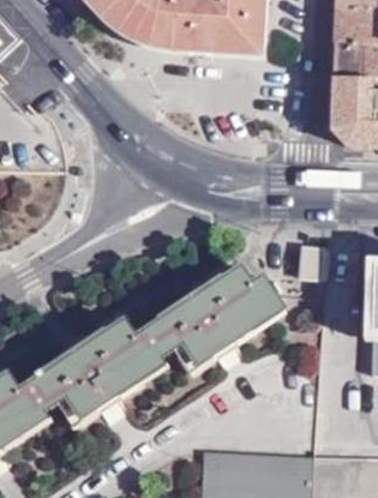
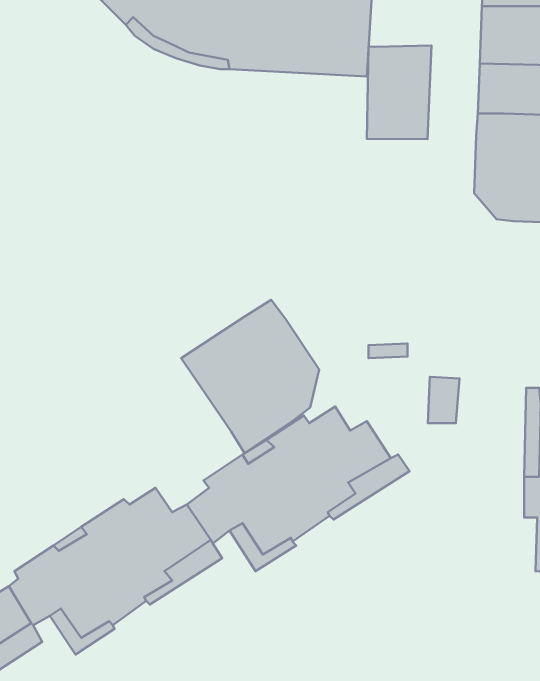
building: none -> [367,45,432,139]
building: none -> [181,300,319,453]

